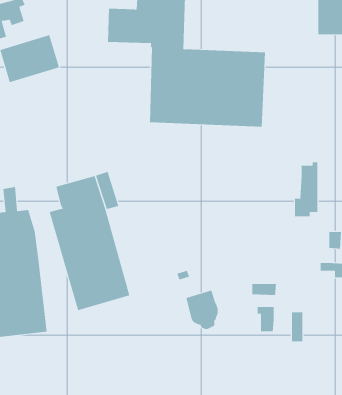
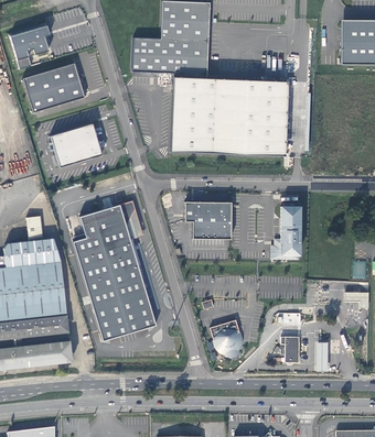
building: none -> [50,122,101,166]
building: [294,162,318,217] -> [275,203,299,258]
building: none -> [184,200,231,238]

